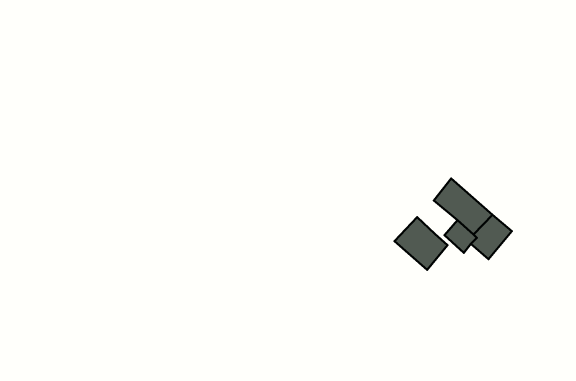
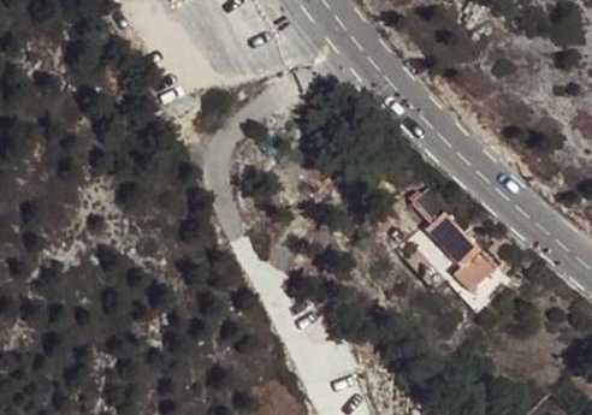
building: [395,217,447,270] -> none

